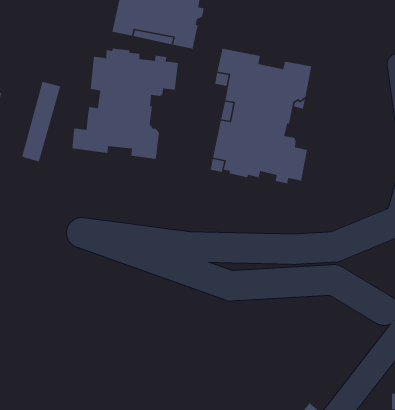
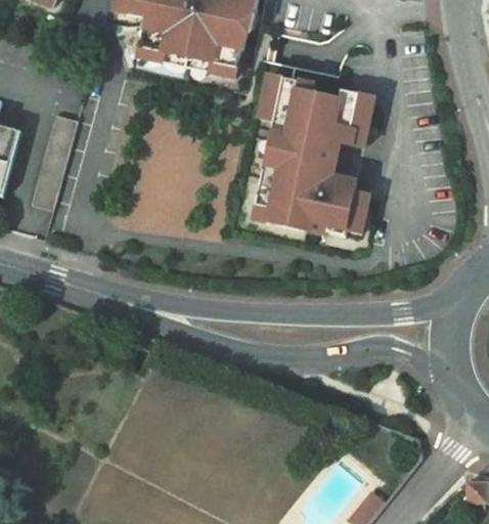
building: [72,48,179,160] -> none

